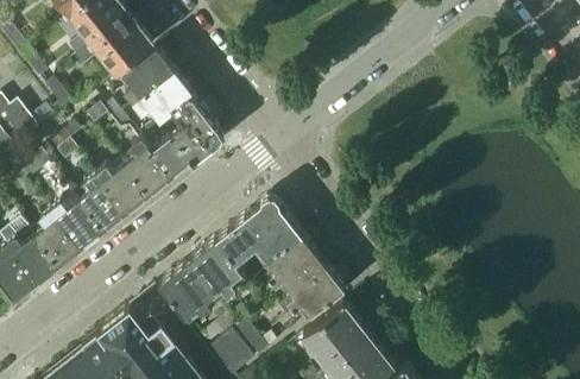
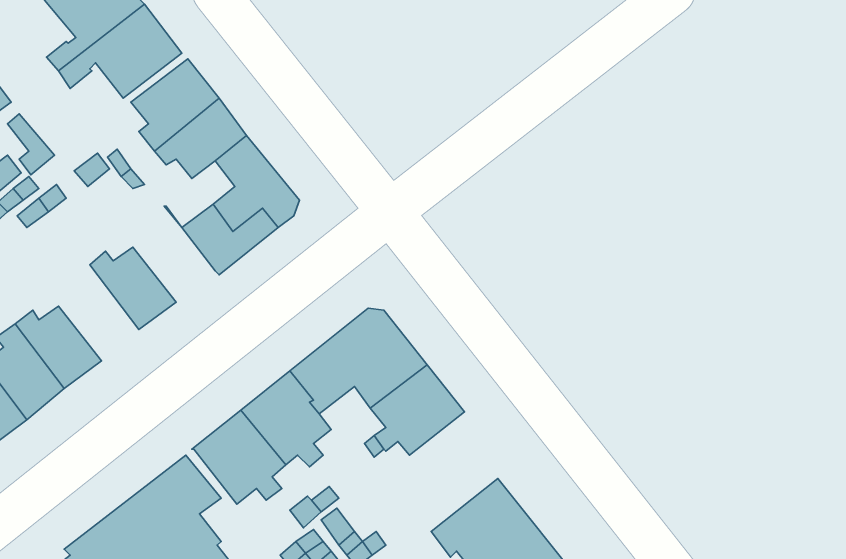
building: [122,139,172,197] -> none
building: [77,175,126,233] -> none
building: [286,264,343,316] -> none

